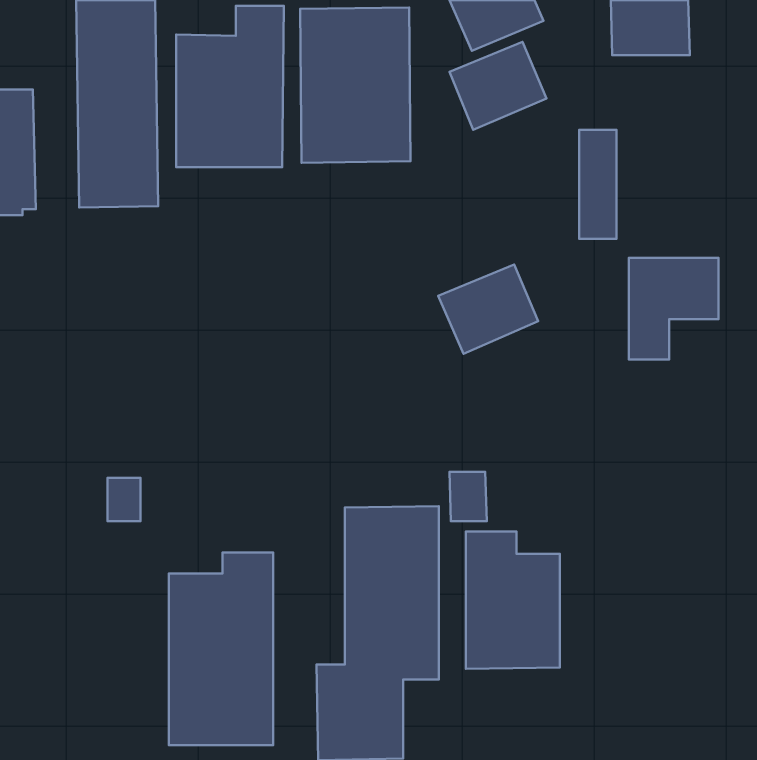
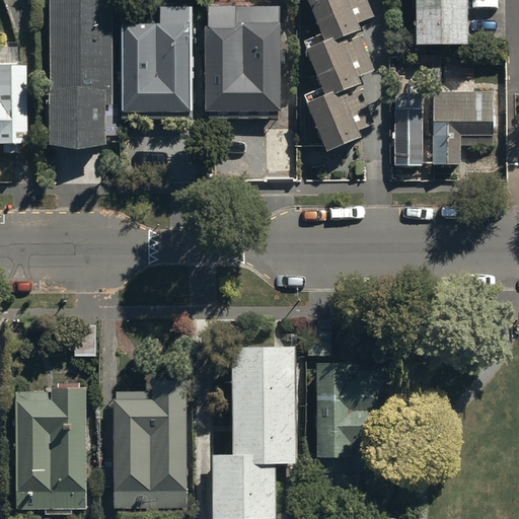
building: [629,258,719,359] -> [432,94,493,163]
building: [438,264,538,354] -> [303,84,371,145]
building: none -> [15,388,86,511]

